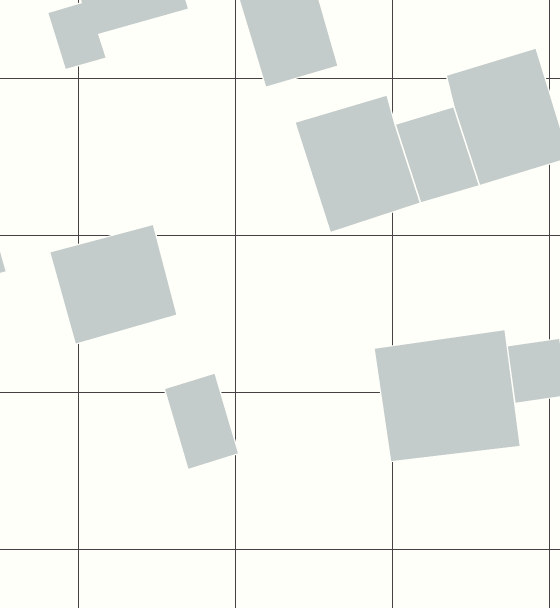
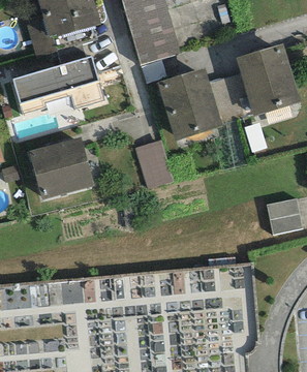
building: none -> [12,56,104,114]
building: [374,329,520,462] -> none
building: [164,373,239,469] -> [134,140,174,190]

